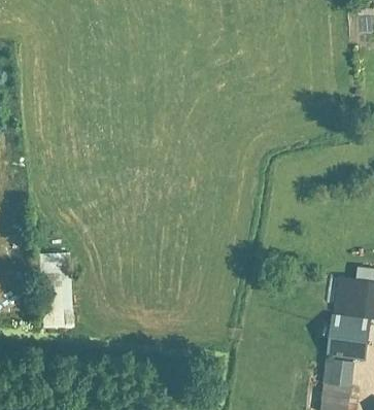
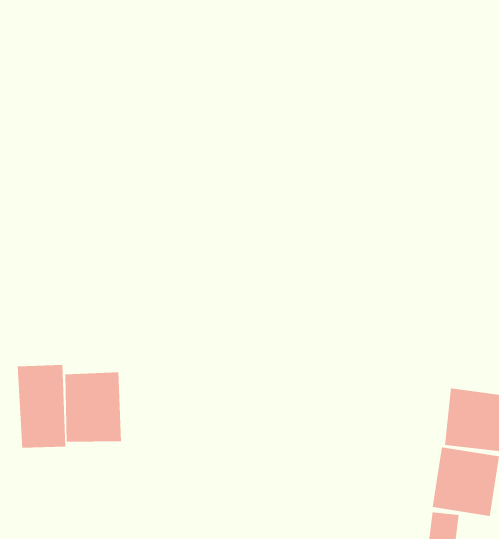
building: none -> [65,372,122,442]

